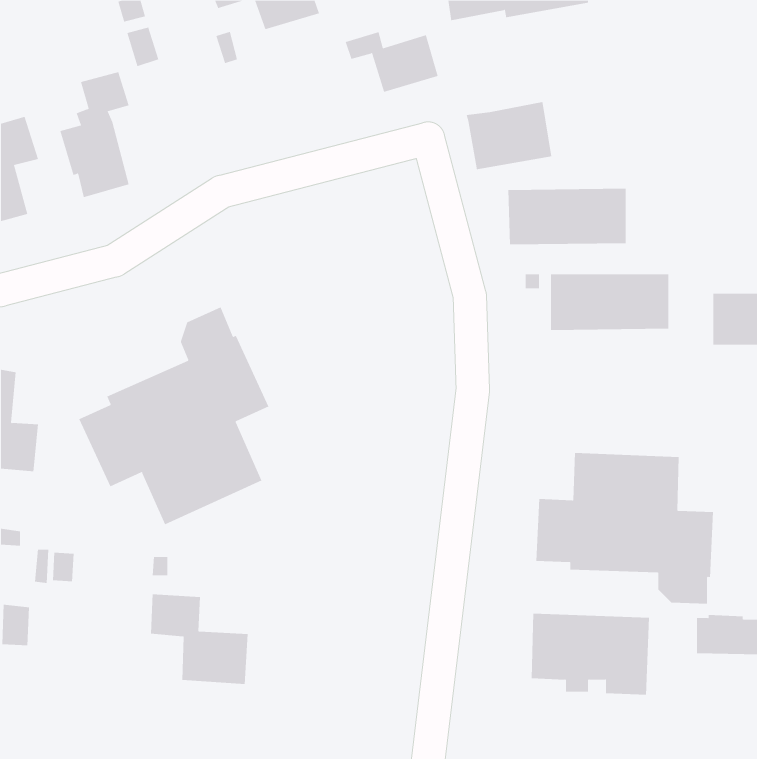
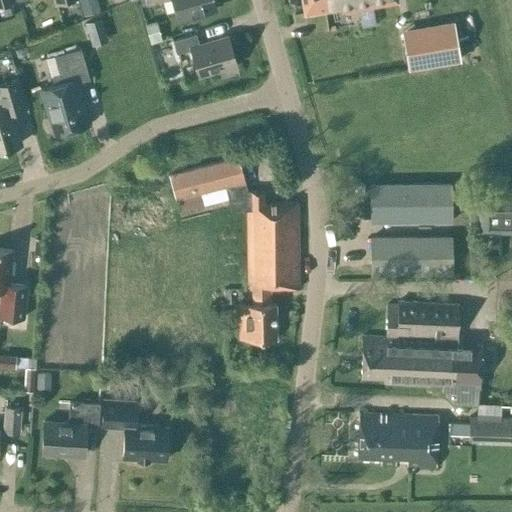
building: [345,31,439,92] -> [174,35,237,76]
building: [466,101,552,170] -> [403,23,461,69]
building: [508,188,627,245] -> [372,237,452,275]
building: none -> [169,157,300,340]
building: [78,306,269,525] -> none
building: none -> [43,402,100,456]

